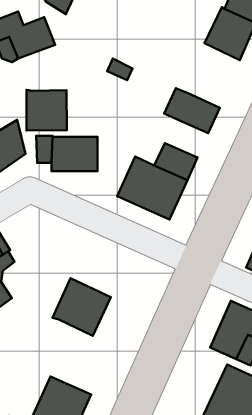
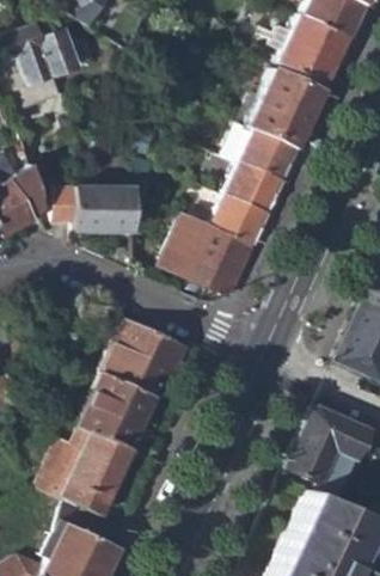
building: none -> [251,71,326,148]
building: [26,90,67,130] -> none
building: none -> [228,163,286,214]
building: none -> [103,320,190,399]
building: none -> [42,429,133,501]

